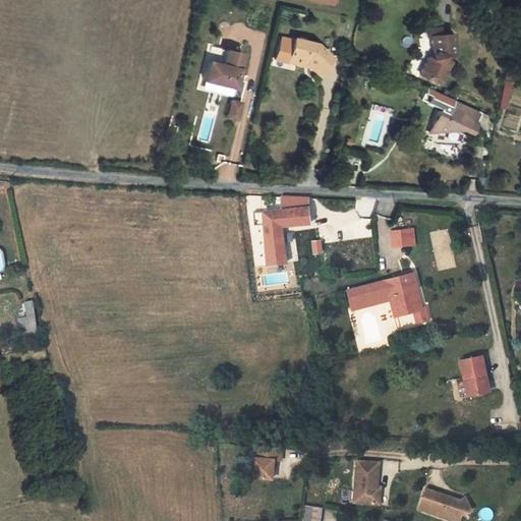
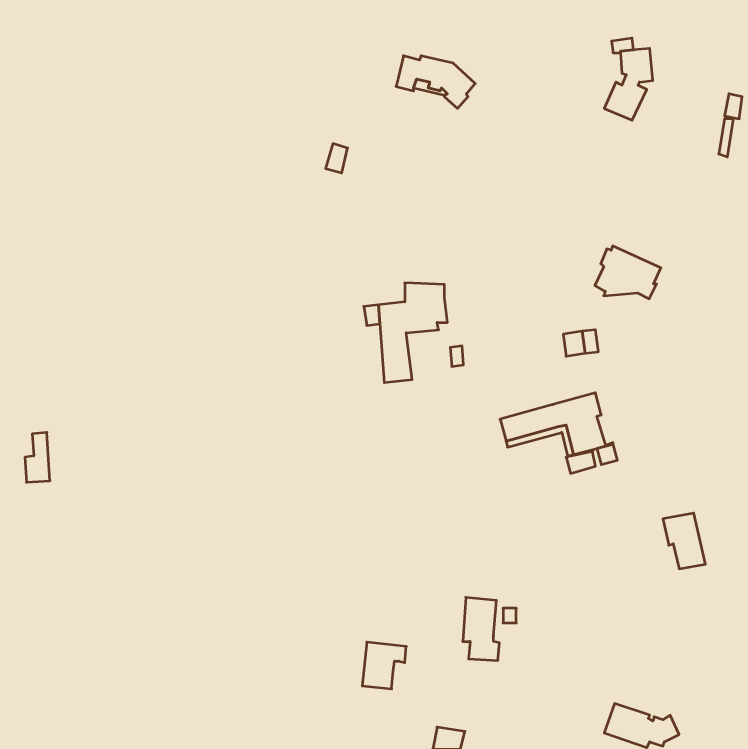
building: [204,50,243,88] -> none
building: [433,97,479,133] -> [595,246,661,299]
building: [356,460,382,504] -> [463,597,499,660]

